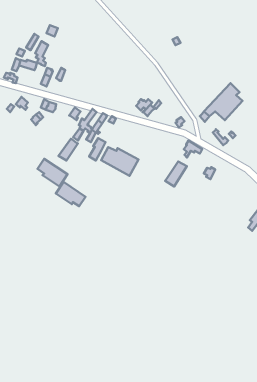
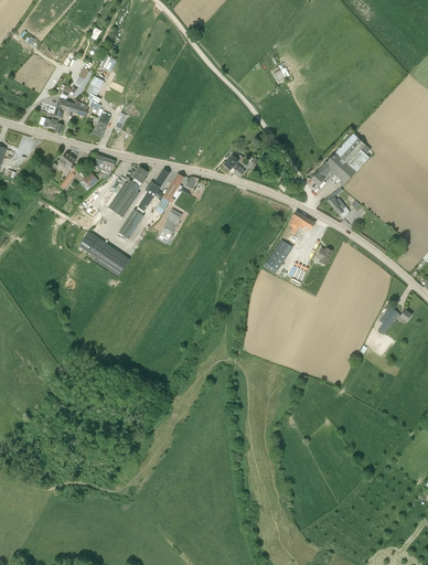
building: none -> [108,180,140,217]
building: [101,147,138,176] -> none
building: [56,182,86,206] -> none

